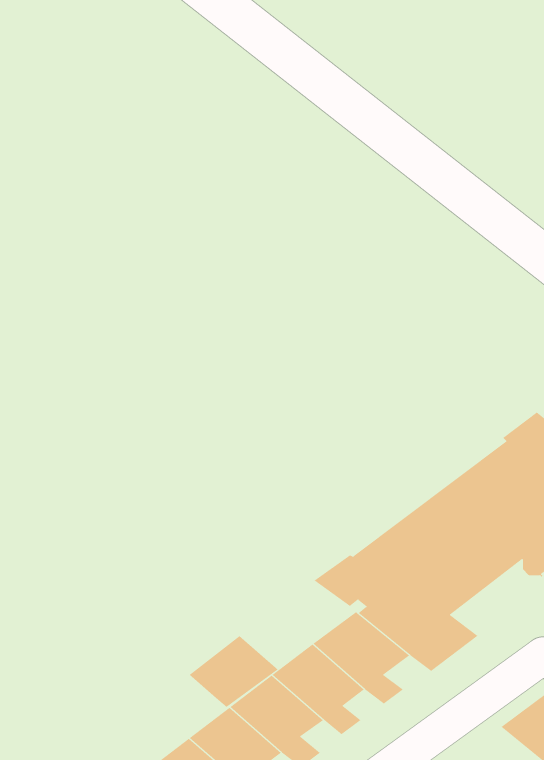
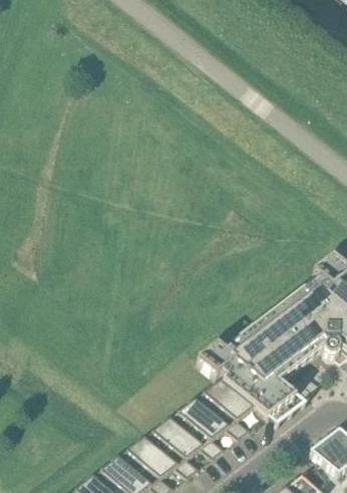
building: [188,635,279,708] -> none

